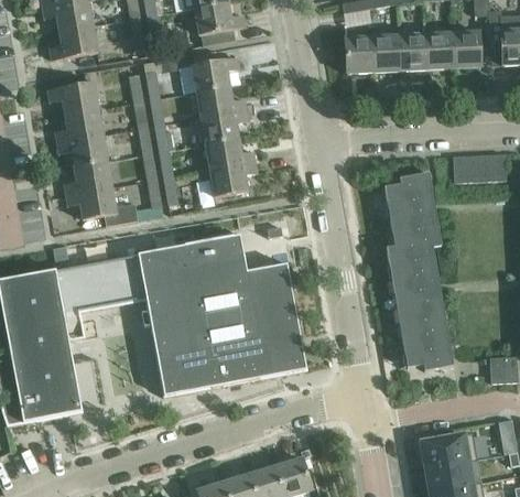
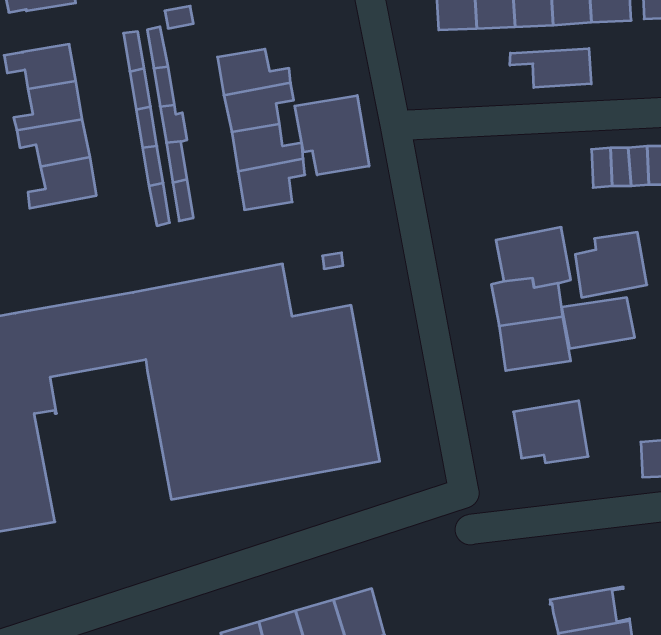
building: [191,57,239,90] -> none
building: none -> [510,48,591,88]
building: none -> [295,95,369,175]
building: [383,172,433,217] -> [575,232,647,297]
building: [65,186,138,226] -> none
building: [394,301,445,336] -> [561,298,635,349]
building: [422,432,476,466] -> none

